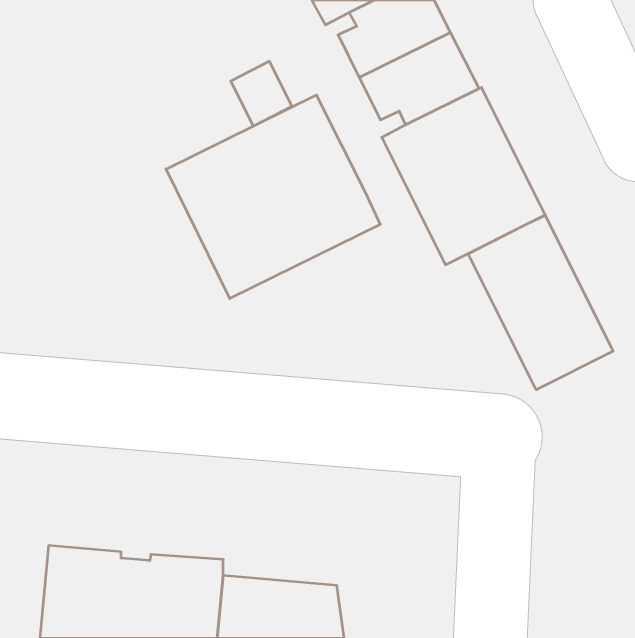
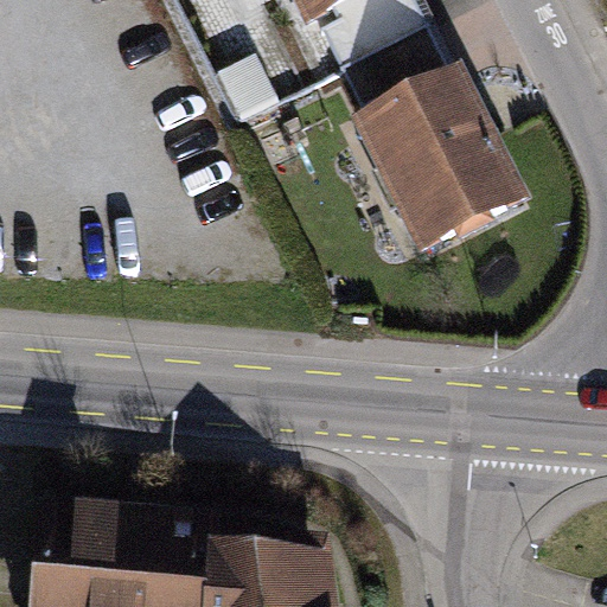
building: [166,95,380,299] -> none
building: [468,215,613,390] -> none

